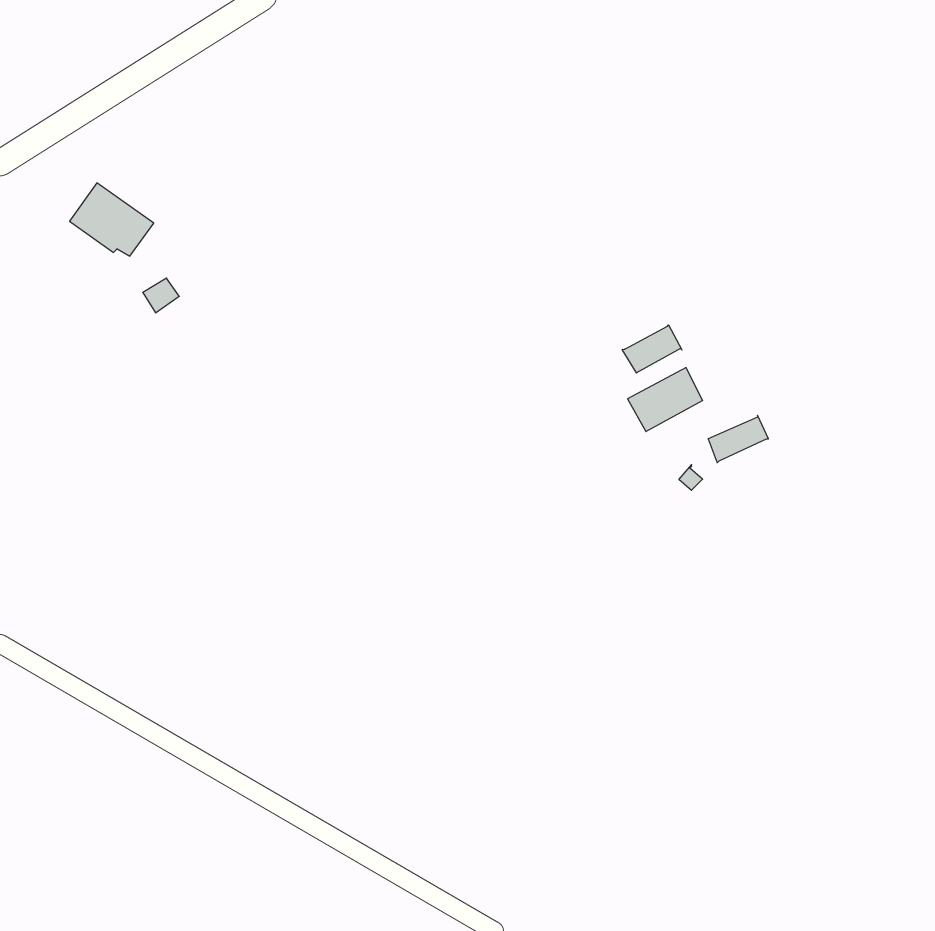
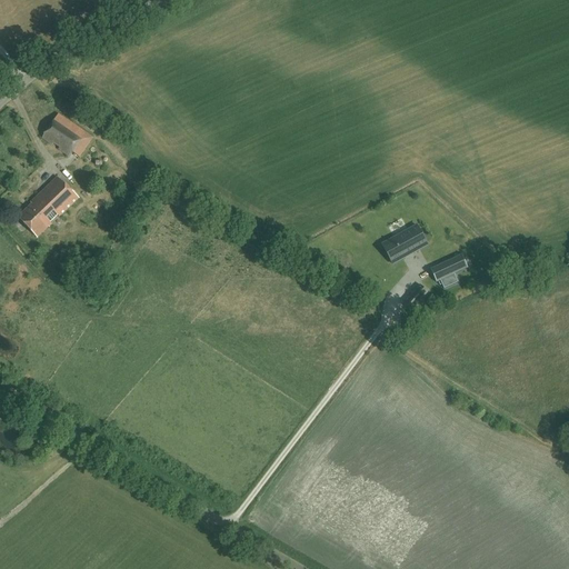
building: none -> [19,174,78,234]
building: [622,325,682,373] -> none

